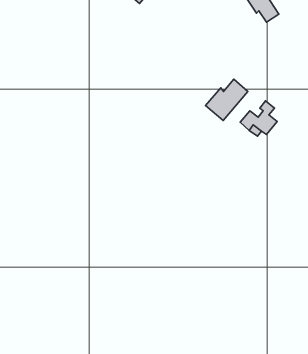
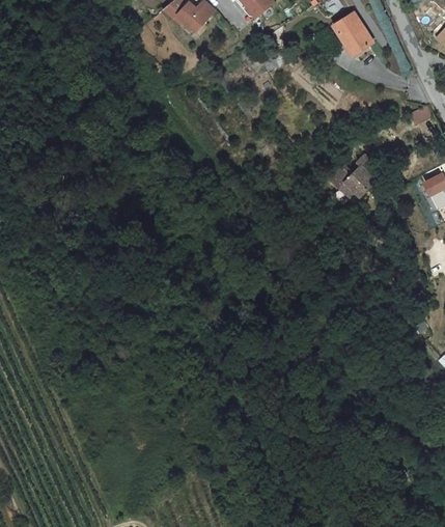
building: [205,79,248,120] -> none

